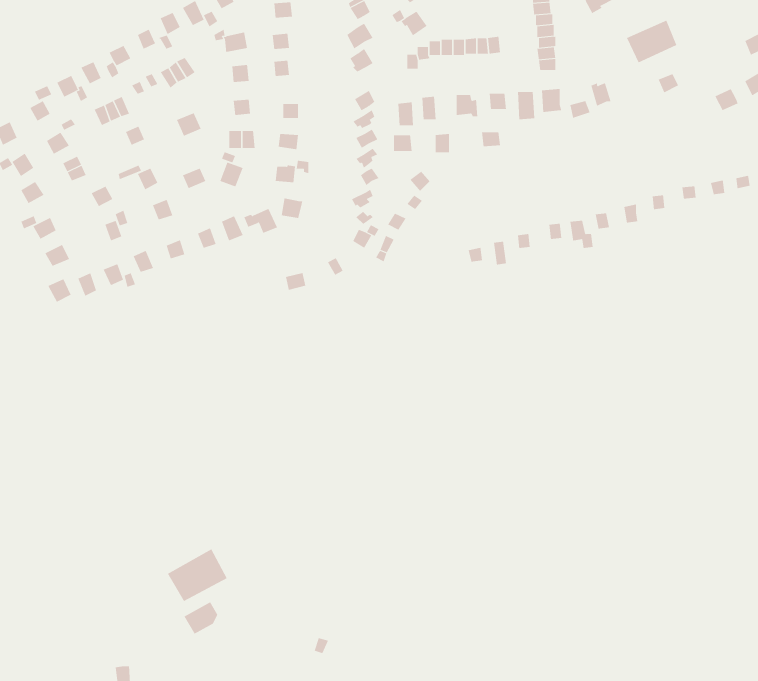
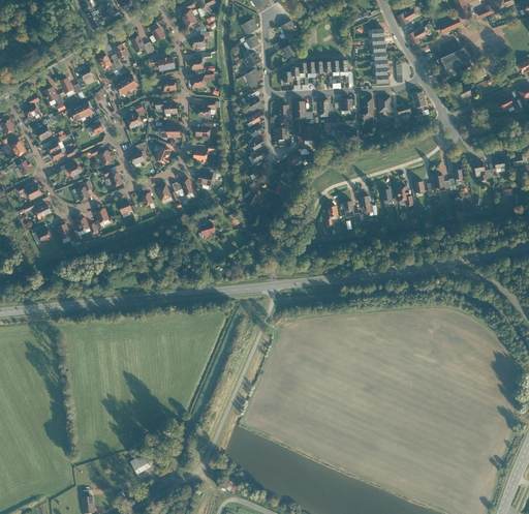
building: [167,549,227,602] -> none

